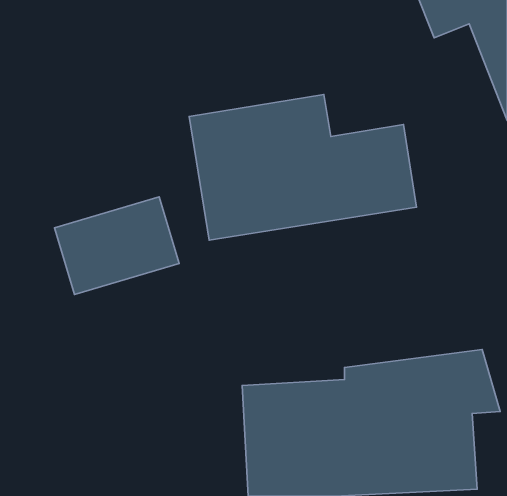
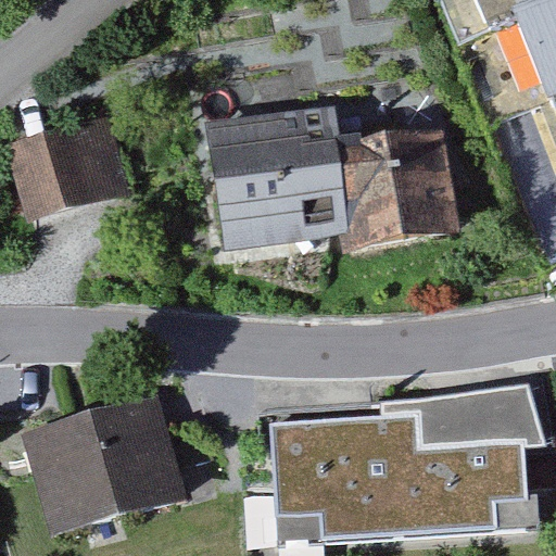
building: [55,197,179,294] -> [4,111,140,217]
building: none -> [26,402,184,526]

